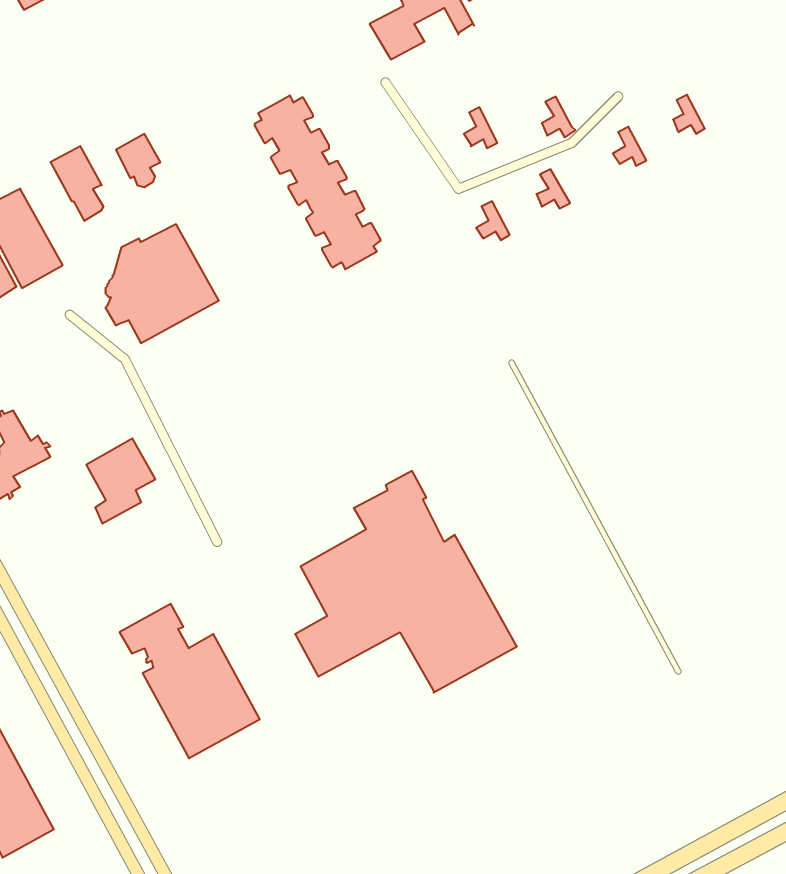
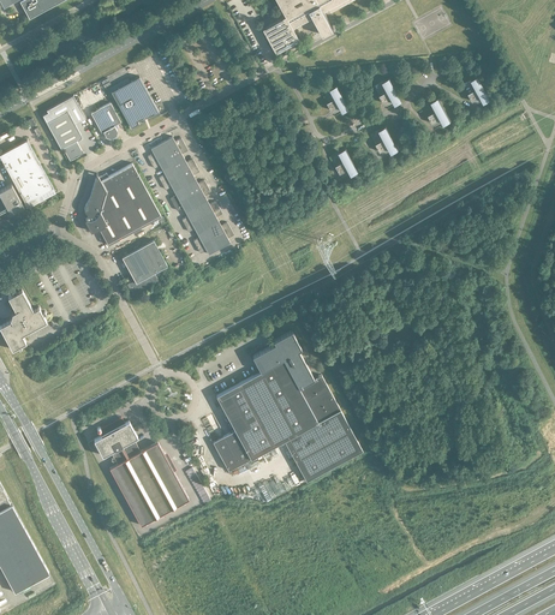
building: none -> [111,77,157,129]
building: [255,95,381,269] -> [147,137,232,255]
building: [86,438,155,524] -> [120,238,167,295]

